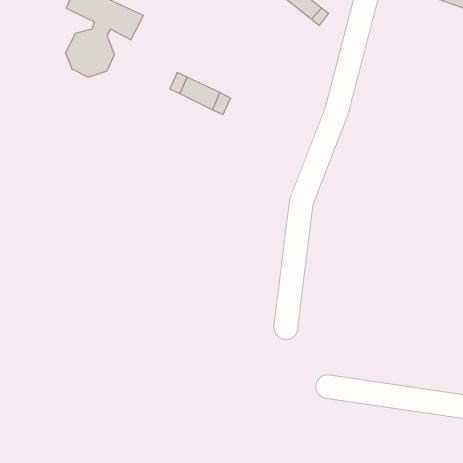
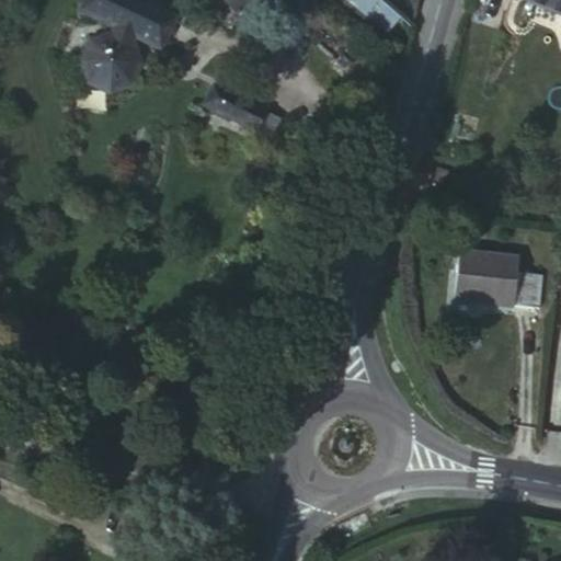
building: none -> [454,252,542,308]

